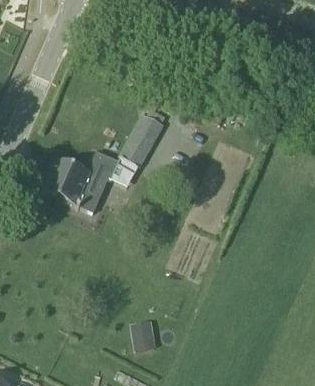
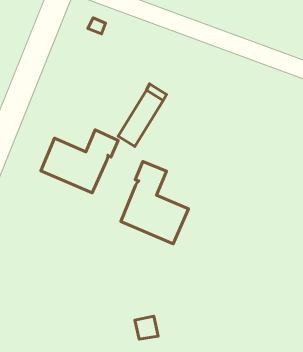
building: none -> [121,162,188,244]

